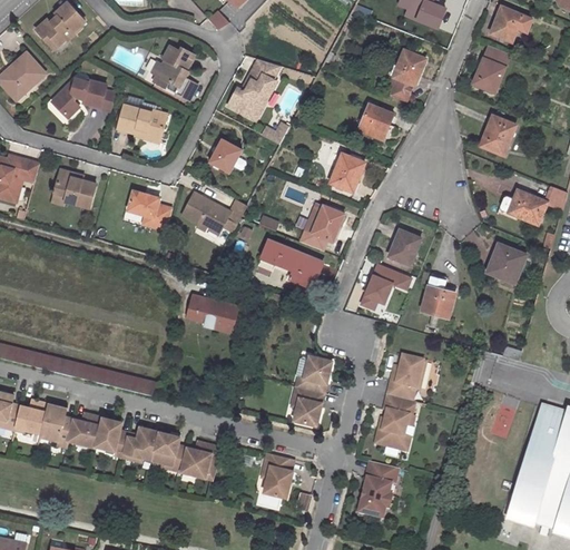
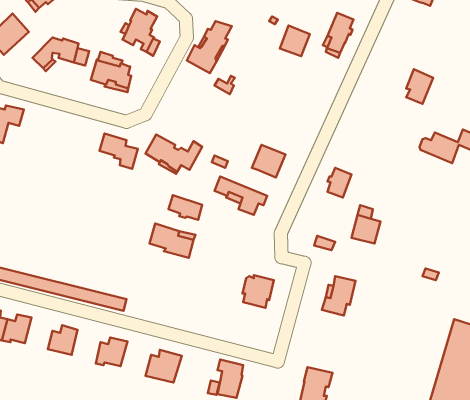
building: [475,58,504,91] -> none
building: [358,102,393,138] -> [280,26,310,56]
building: [209,138,246,171] -> none
building: [331,153,365,190] -> none
building: [55,168,96,207] -> none
building: [487,243,525,282] -> none
building: none -> [168,195,202,220]
building: [361,263,414,311] -> none
building: [292,385,321,425] -> none
building: [374,394,415,451] -> none
building: [40,403,73,446] -> none
building: [96,418,129,456] -> none
building: [153,431,188,471] -> none

